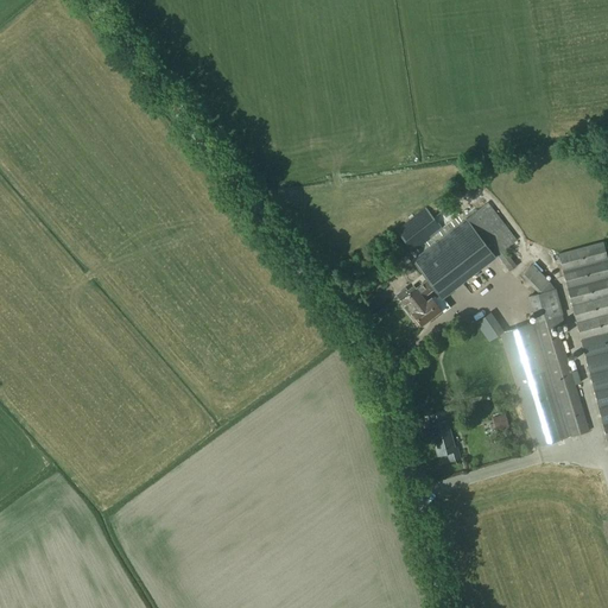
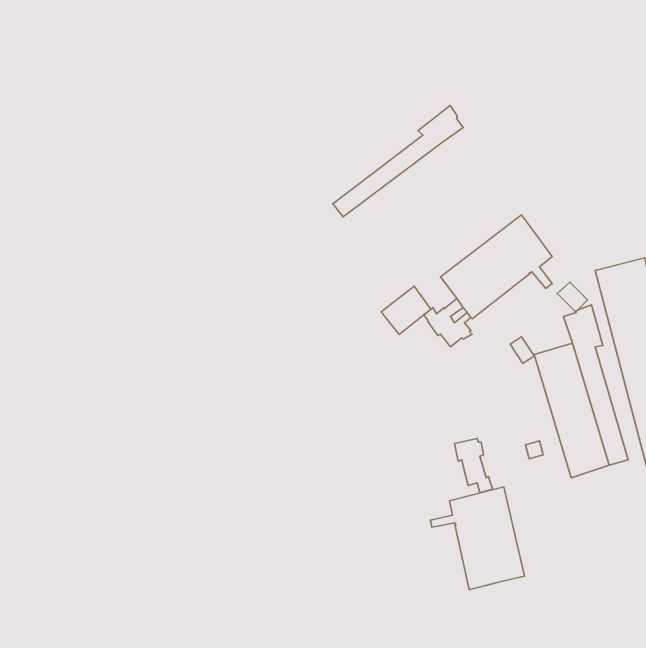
building: none -> [333,105,463,217]
building: [398,207,444,252] -> [381,286,431,335]
building: none -> [430,487,525,589]

